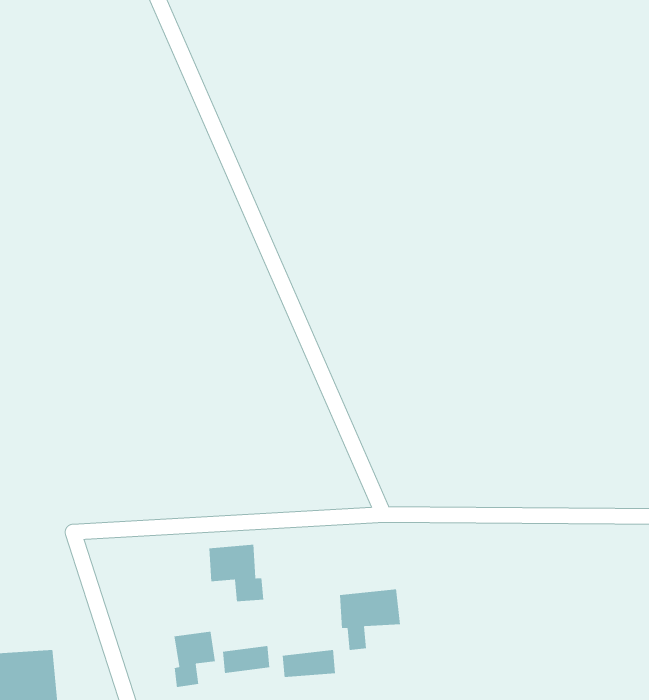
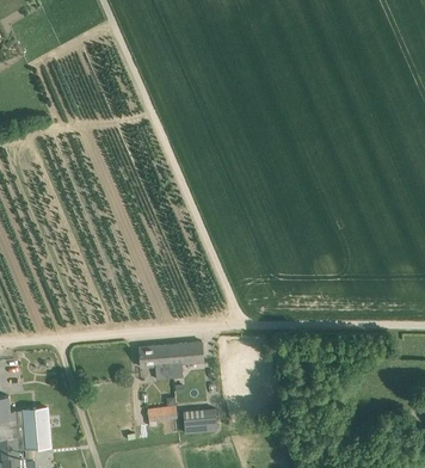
building: [339,589,401,650] -> [167,341,204,378]
building: [174,631,216,688] -> none

